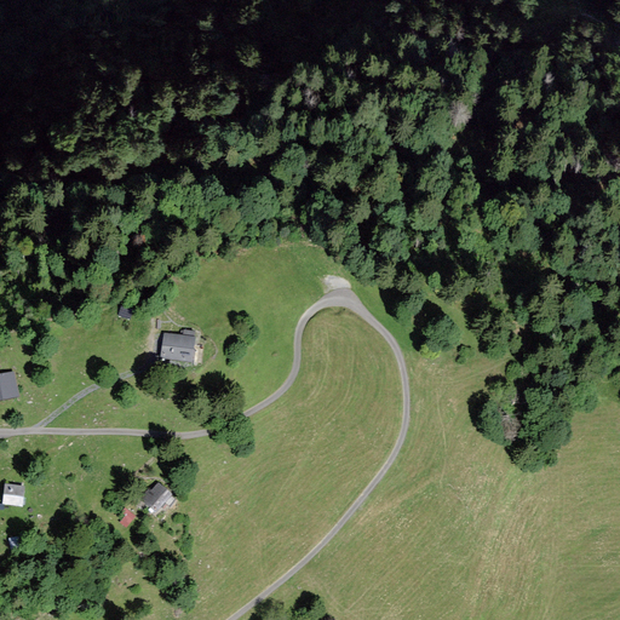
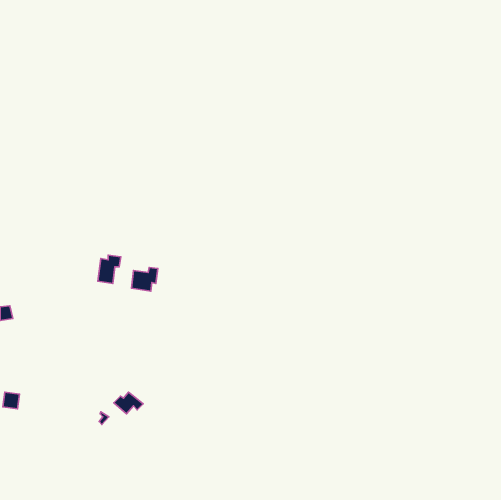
building: none -> [98,255,121,283]

